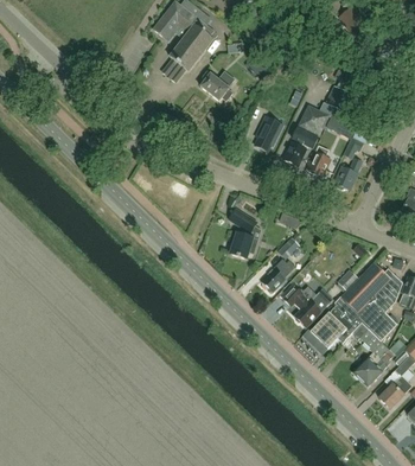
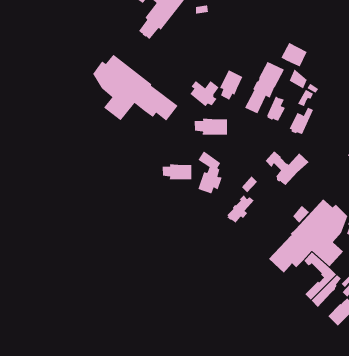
building: [200,70,235,101] -> [189,80,220,107]
building: none -> [92,54,178,122]
building: none -> [194,118,228,136]
building: none -> [162,164,192,180]
building: [283,286,334,326] -> [265,151,309,186]

